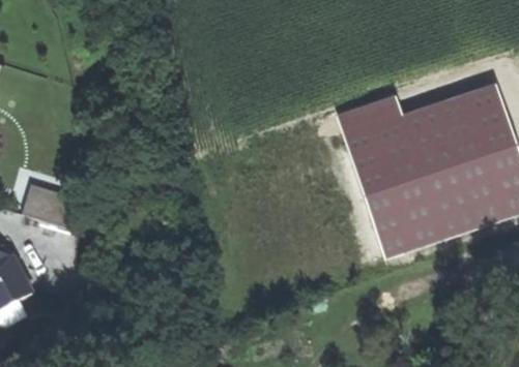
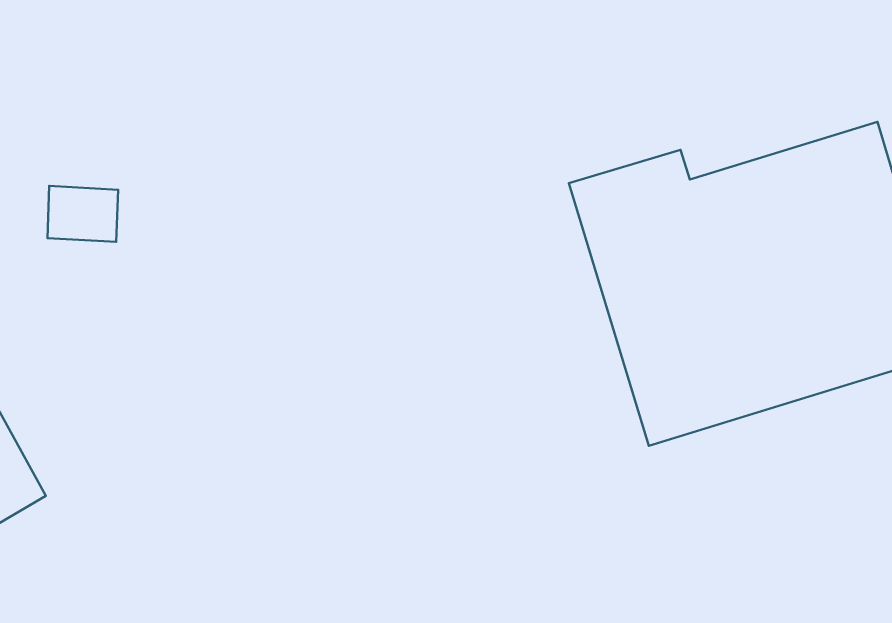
building: [34,192,74,223] -> [47,186,118,242]

